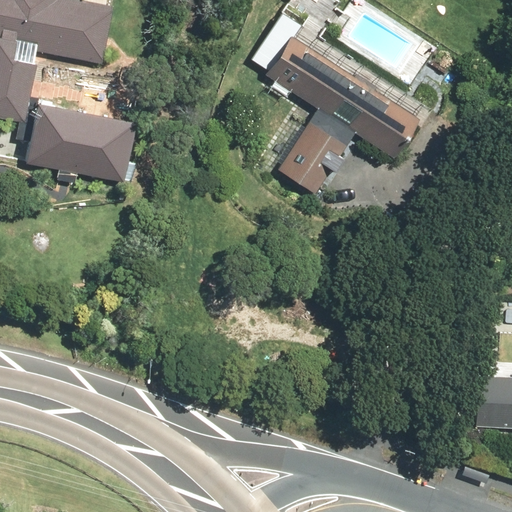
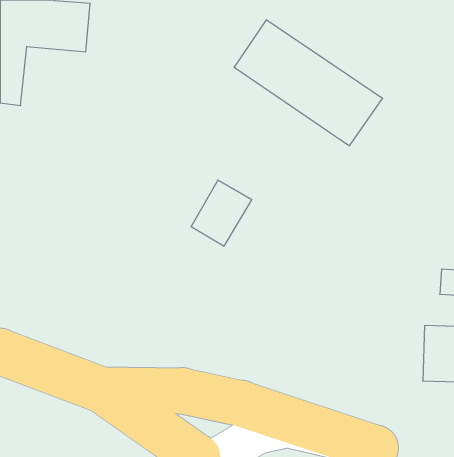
building: [26,106,129,182] -> none
building: [279,119,347,193] -> [191,180,252,246]

